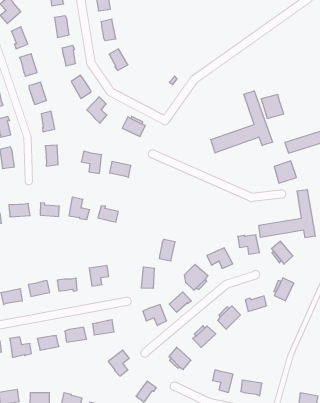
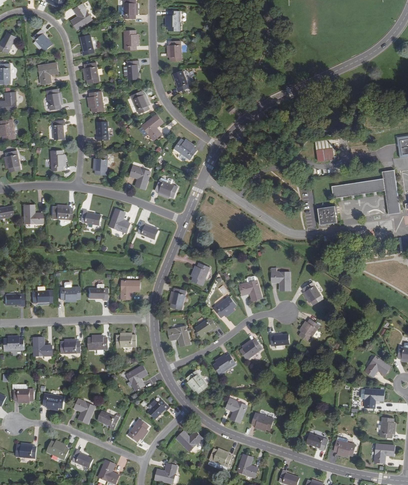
building: [211,91,273,153] -> none
building: [259,189,315,238] -> none

